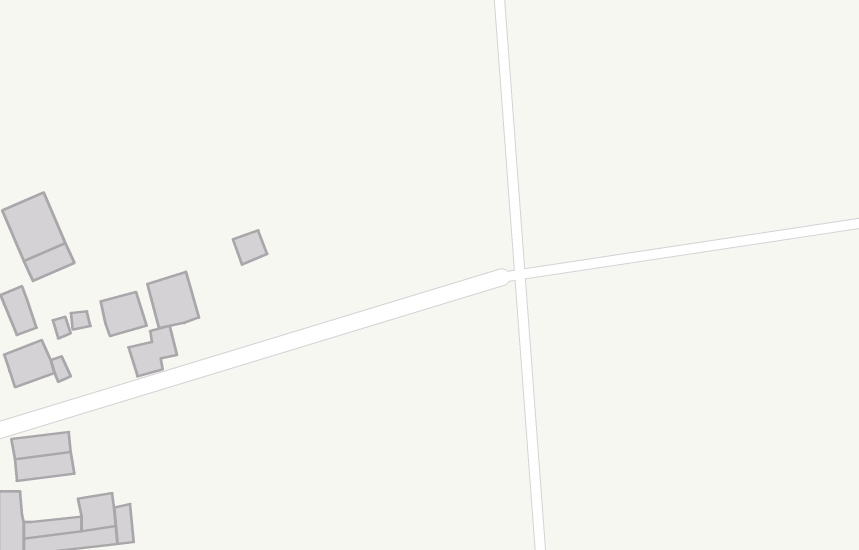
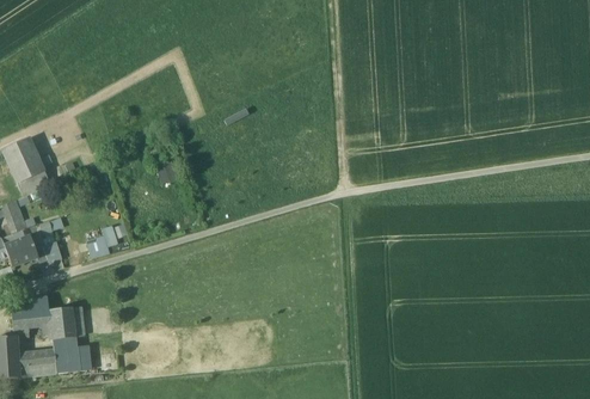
building: [147,272,199,328] -> none
building: [101,292,147,336] -> none
building: none -> [48,307,75,340]

